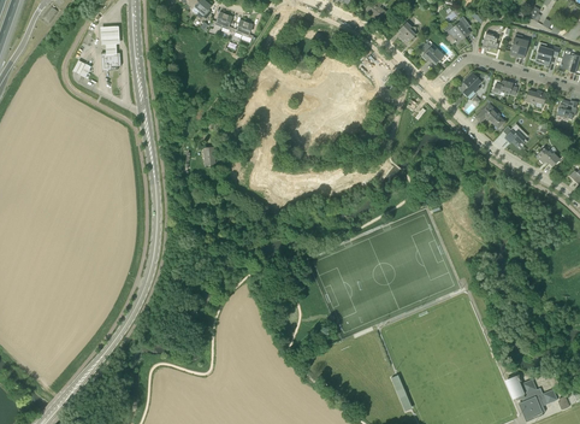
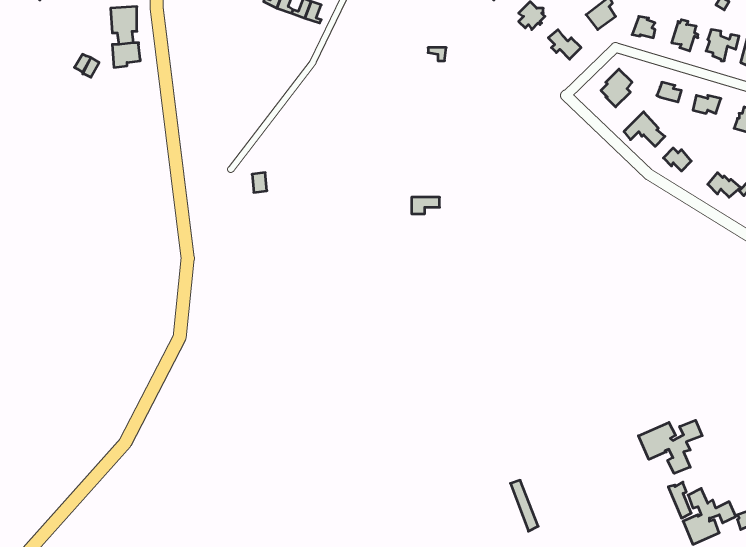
building: none -> [638,420,702,473]

